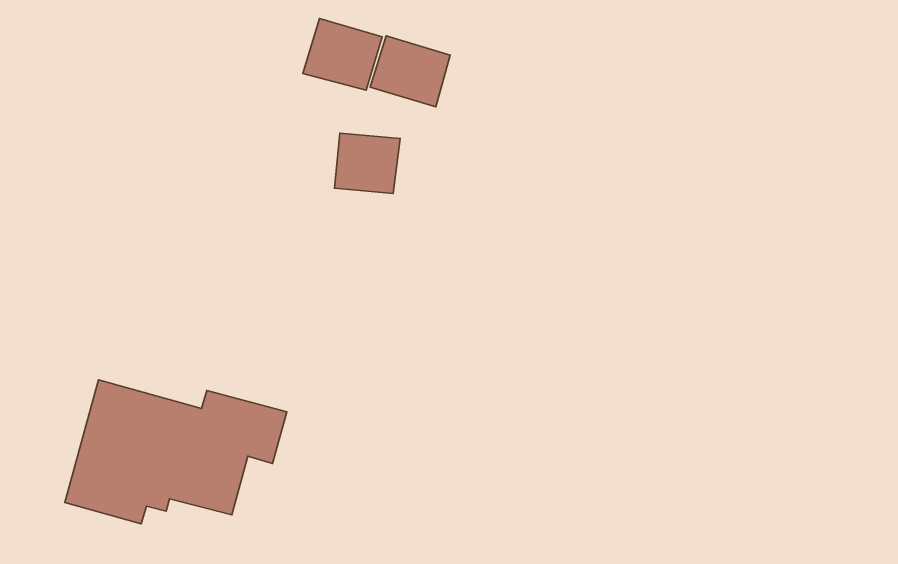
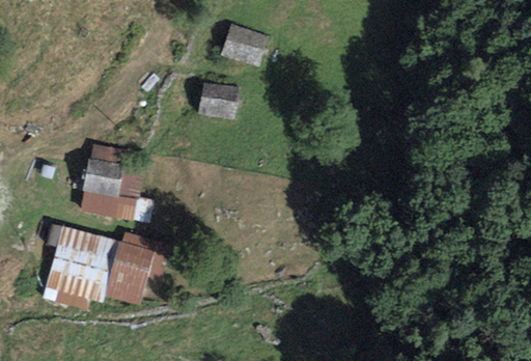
building: [303,18,382,90] -> none
building: none -> [78,141,152,223]

